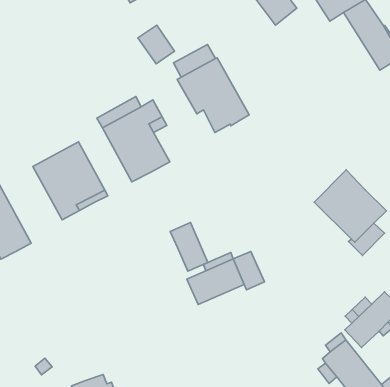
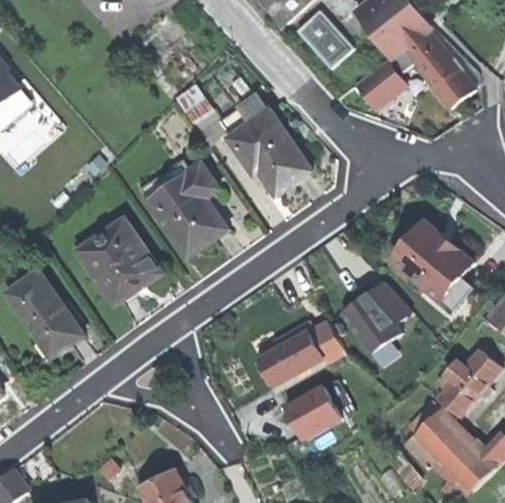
building: none -> [358,47,415,106]
building: none -> [341,282,411,354]
building: [170,223,208,271] -> none
building: none -> [284,386,340,439]

